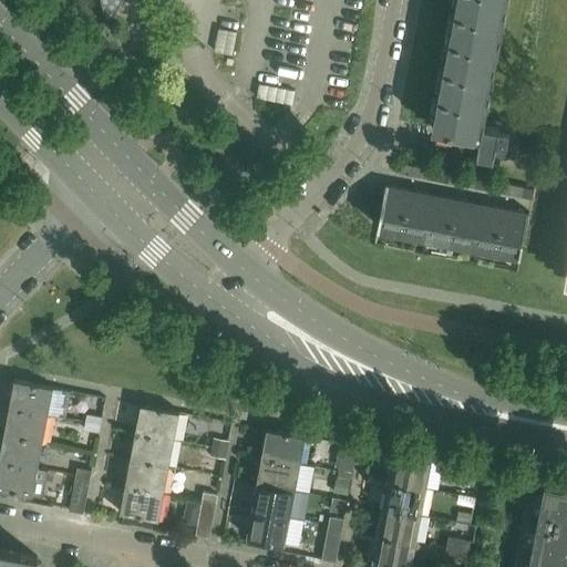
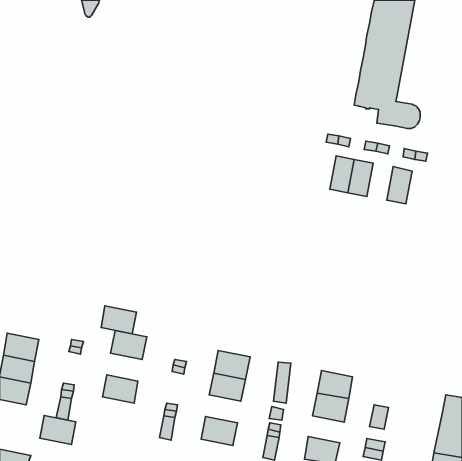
building: [378,187,411,234] -> none
building: [449,202,481,247] -> none
building: [496,212,528,257] -> none
building: [9,382,53,417] -> none
building: [131,434,174,468] -> [101,306,137,334]
building: [251,485,295,519] -> none
building: [120,487,164,523] -> [40,416,76,444]
building: [377,511,421,544] -> none

